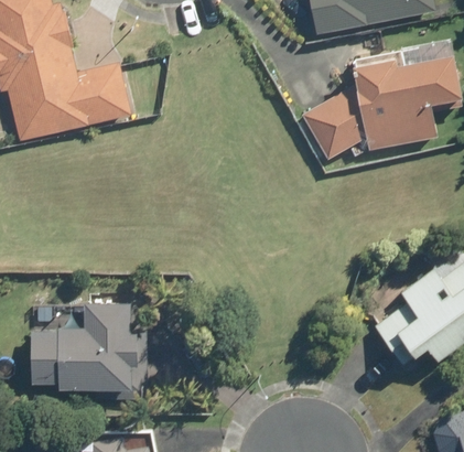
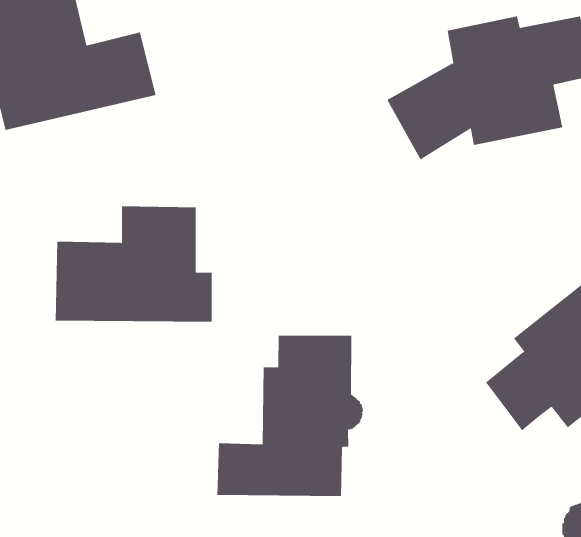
building: none -> [217,335,364,497]
building: [31,301,149,388] -> [55,206,213,322]

